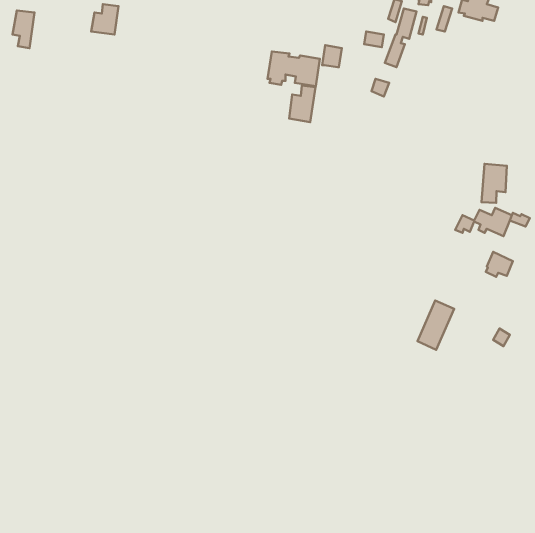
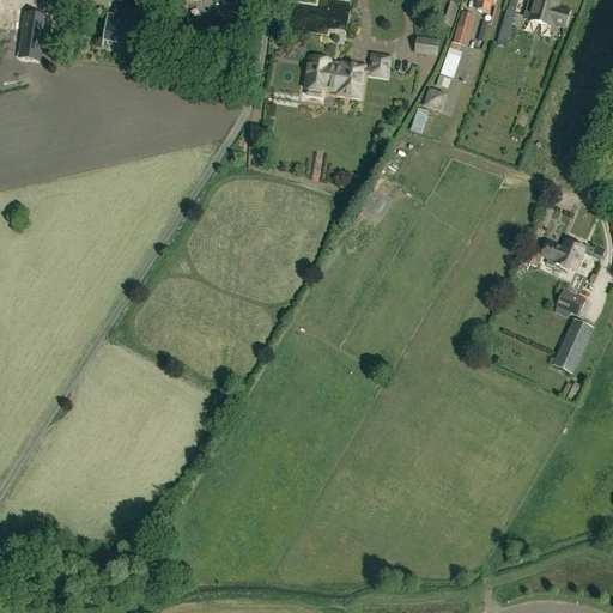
building: [289,85,315,122] -> none
building: [481,164,507,203] -> none
building: [417,300,454,350] -> [553,317,595,374]

